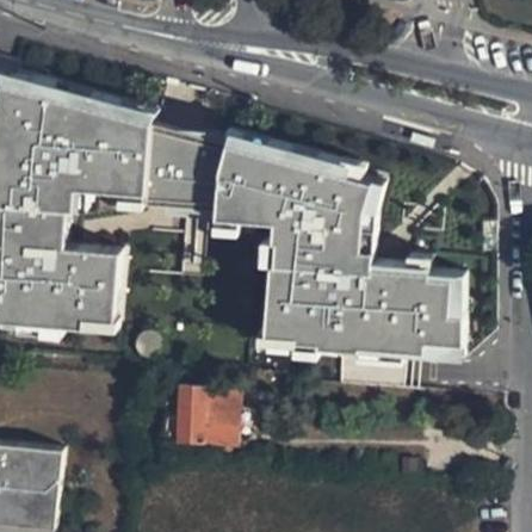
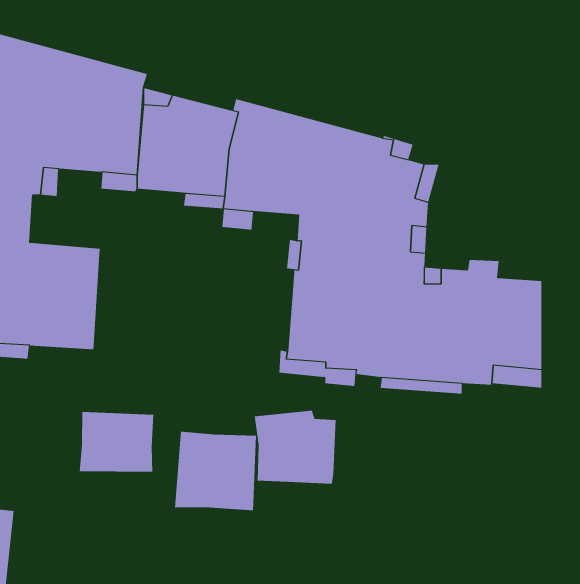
building: none -> [254,410,336,484]
building: none -> [79,411,154,473]

